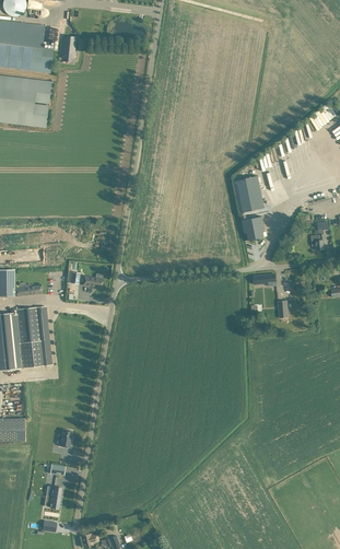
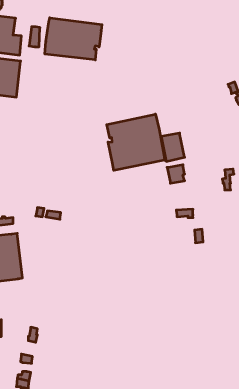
building: none -> [45,18,102,60]
building: none -> [107,114,165,170]

